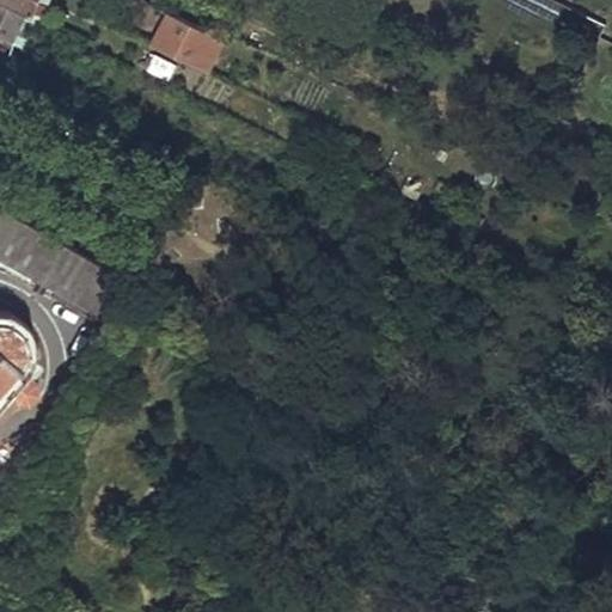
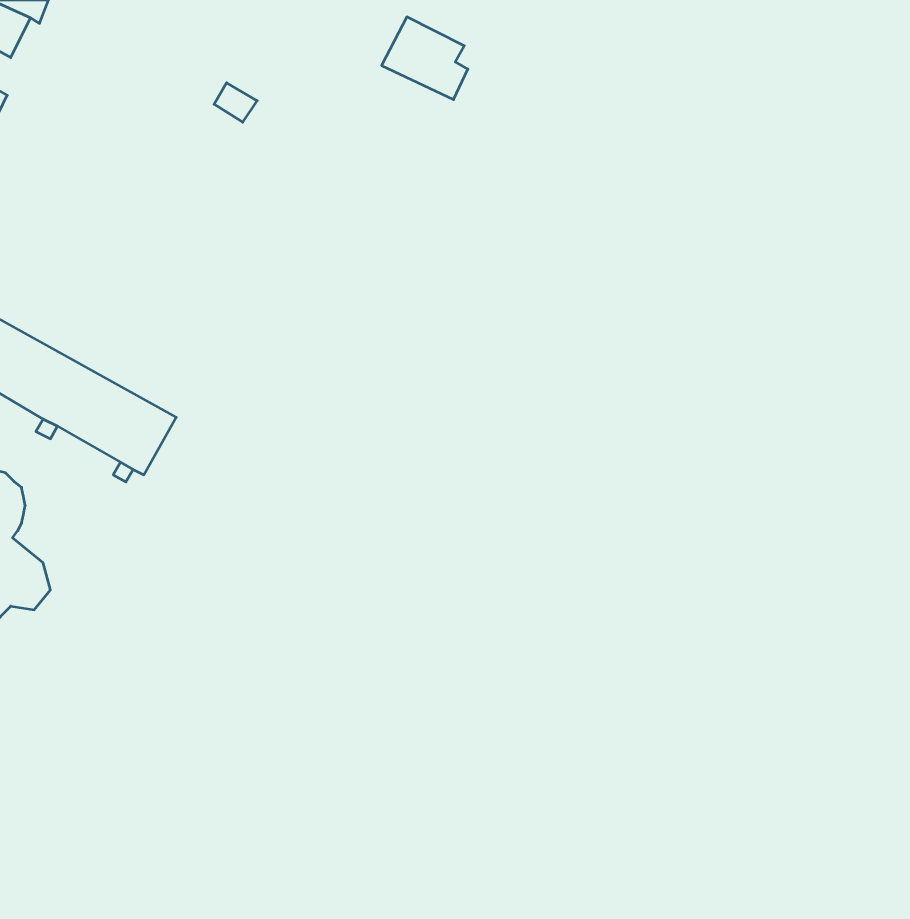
building: [148,12,206,67] -> [382,17,468,100]

